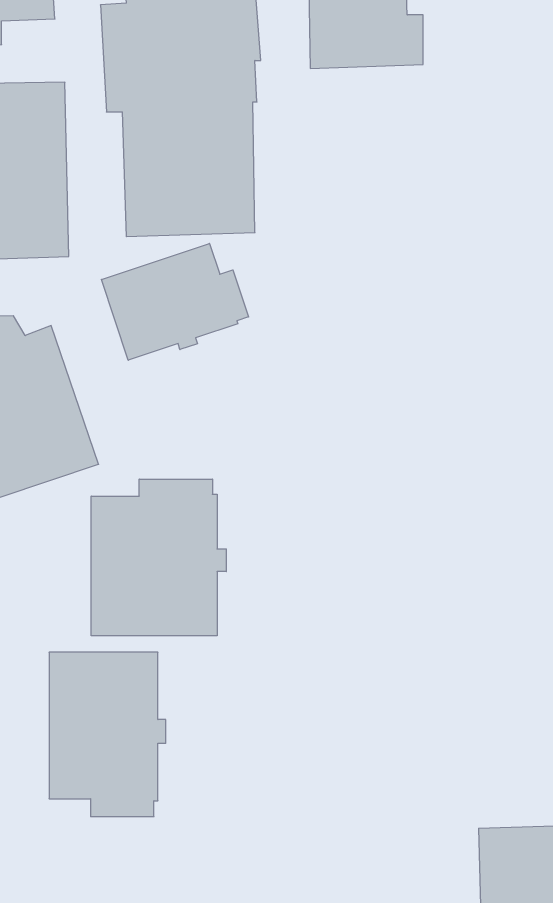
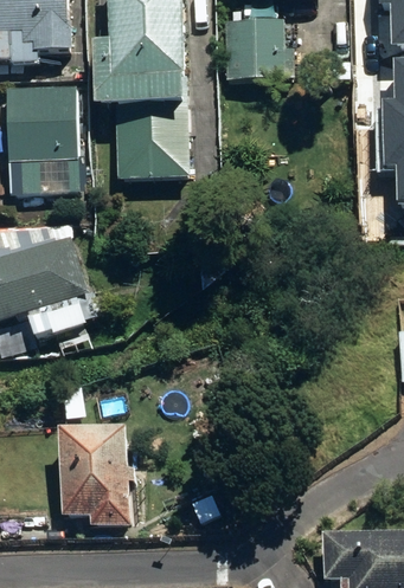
building: [101,243,249,360] -> none
building: [91,479,226,636] -> none

